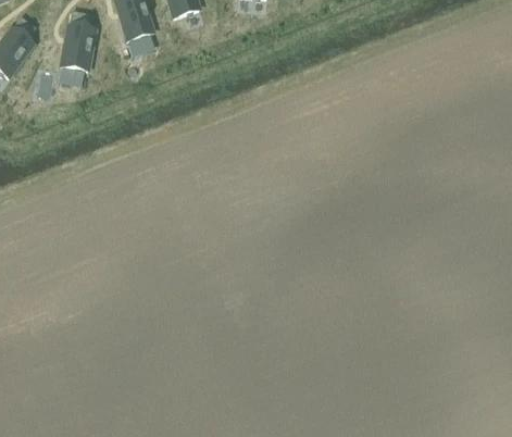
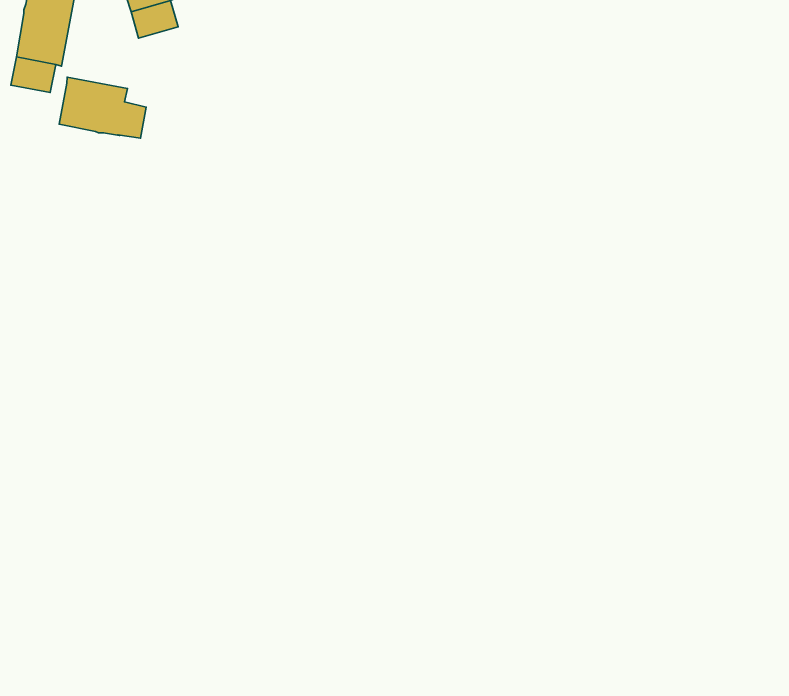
building: none -> [59,77,146,138]

